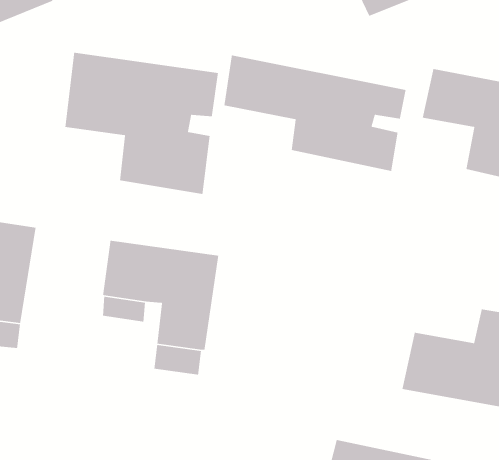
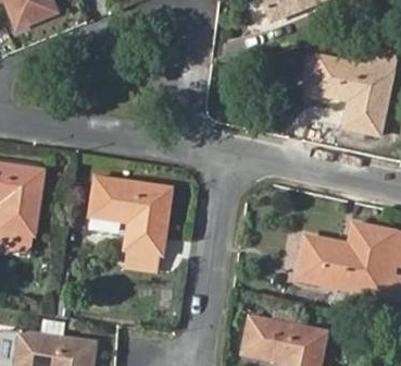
building: [65,52,219,195] -> none
building: [223,55,406,172] -> none

